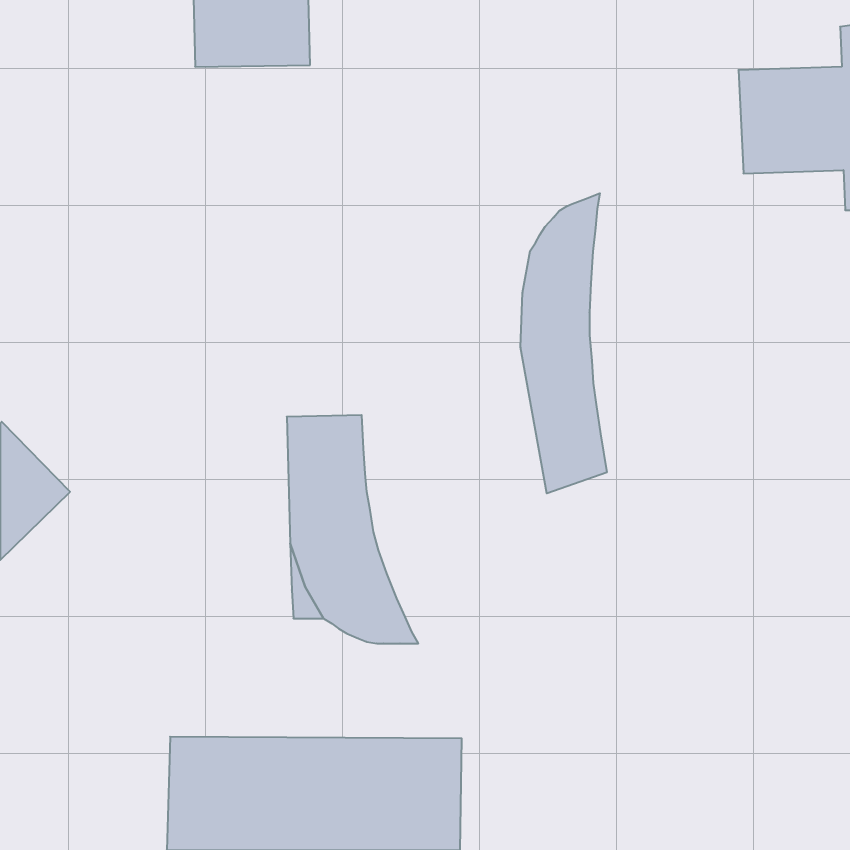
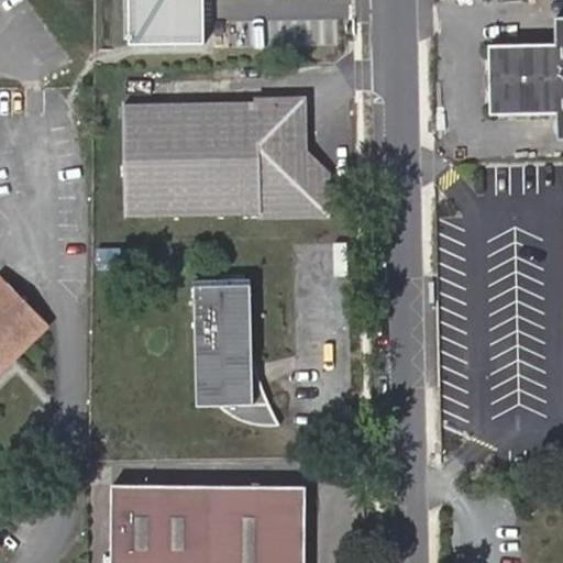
building: none -> [125,101,325,217]
building: [521,193,607,493] -> none

